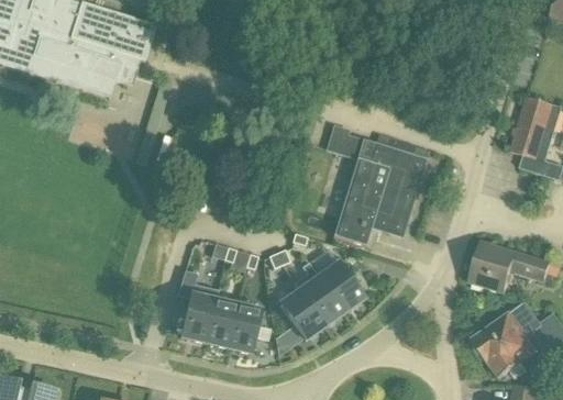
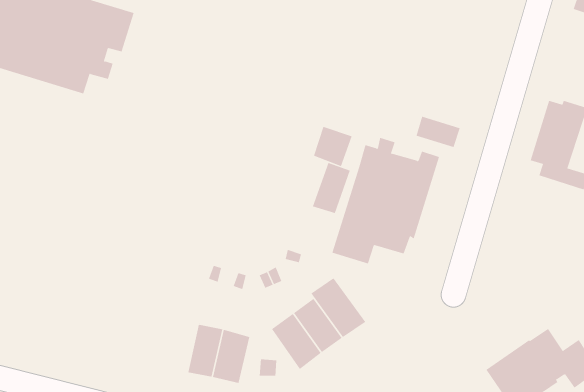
building: none -> [416,116,465,148]
building: none -> [312,162,350,214]
building: [468,242,550,293] -> none
building: [176,270,217,343] -> none

